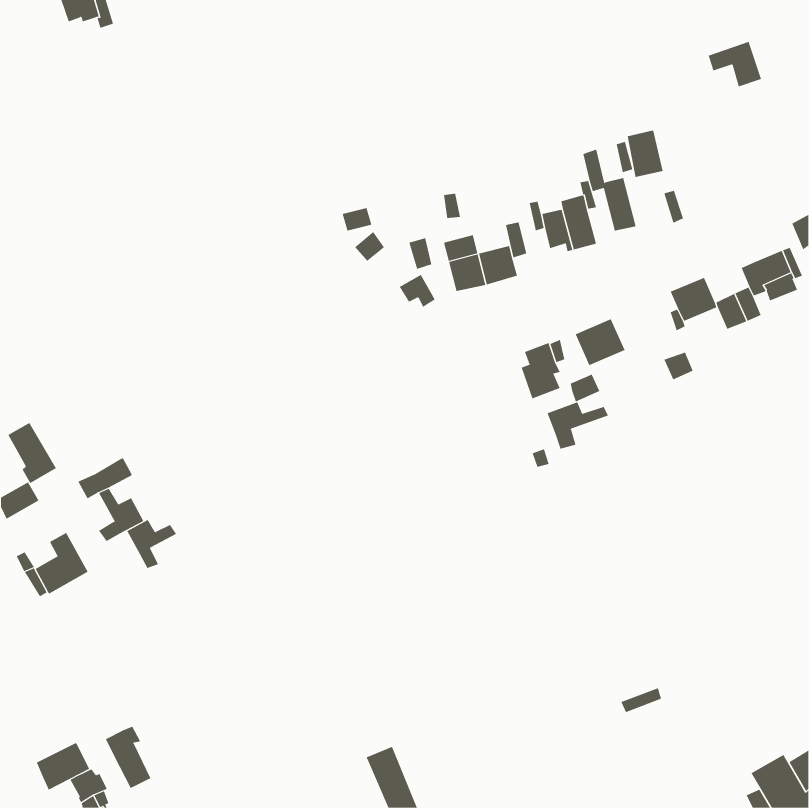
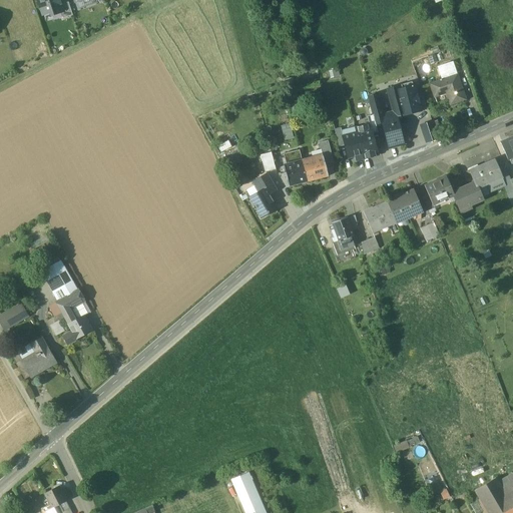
building: [708,41,762,87] -> [431,75,465,104]
building: none -> [249,188,276,216]
building: none -> [387,190,422,222]
building: [547,401,609,449] -> none
building: [8,422,57,484] -> [46,261,77,300]
building: [127,519,177,569] -> none
building: [105,726,151,789] -> none
building: [36,742,90,790] -> none

